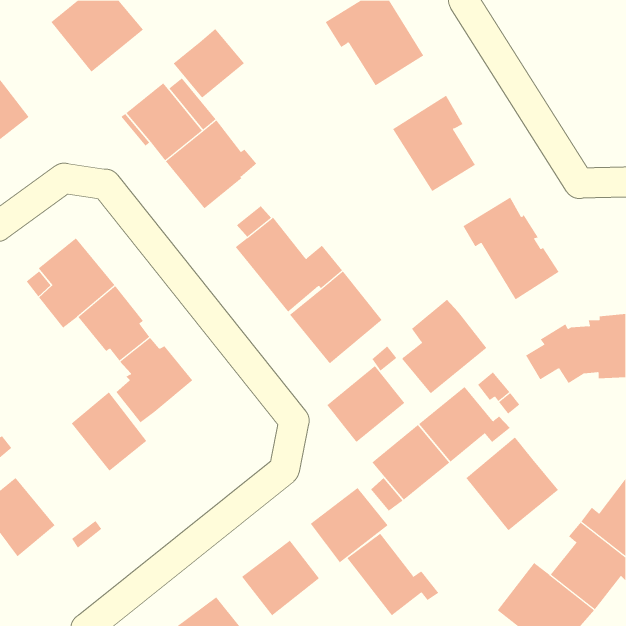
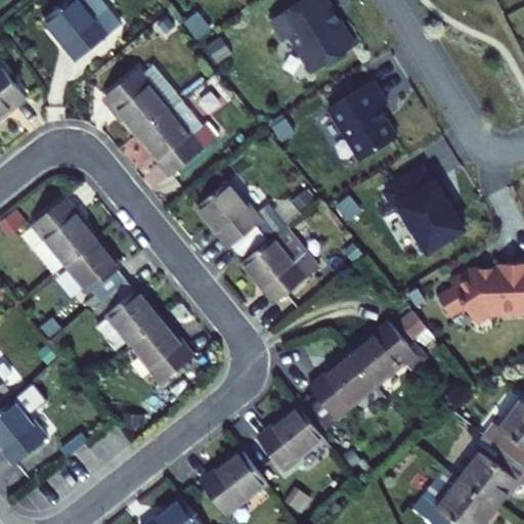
building: [173,28,245,99] -> none
building: [402,299,487,394] -> none
building: [326,365,405,443] -> none
building: [71,391,147,471] -> [129,318,192,385]
building: [466,436,559,531] -> none
building: [347,533,439,616] -> none

